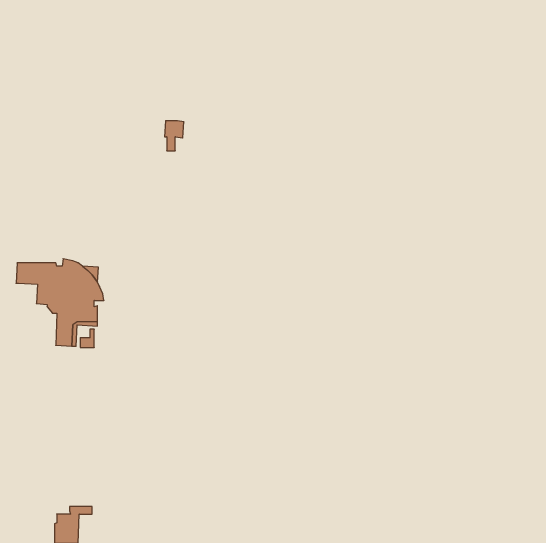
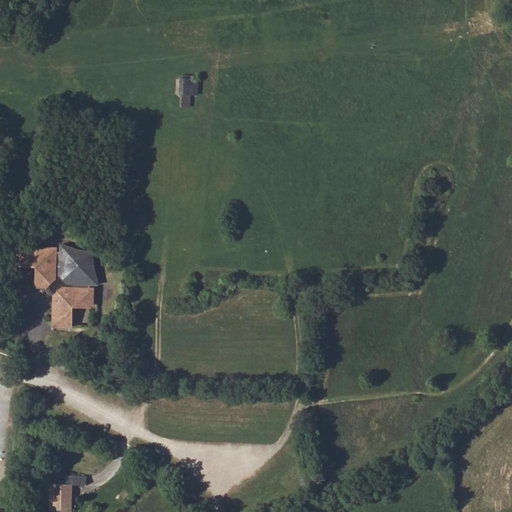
building: [165,121,184,151] -> [178,77,196,105]

